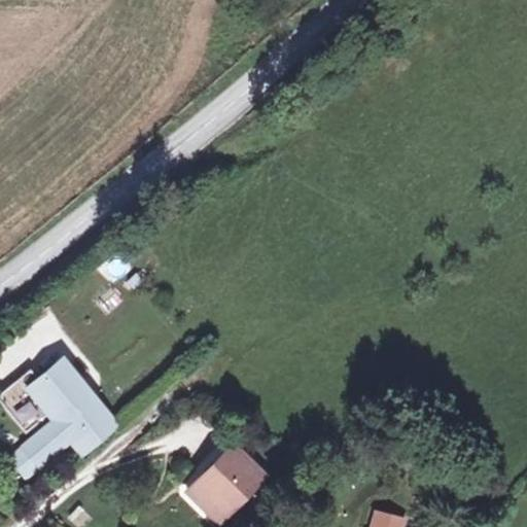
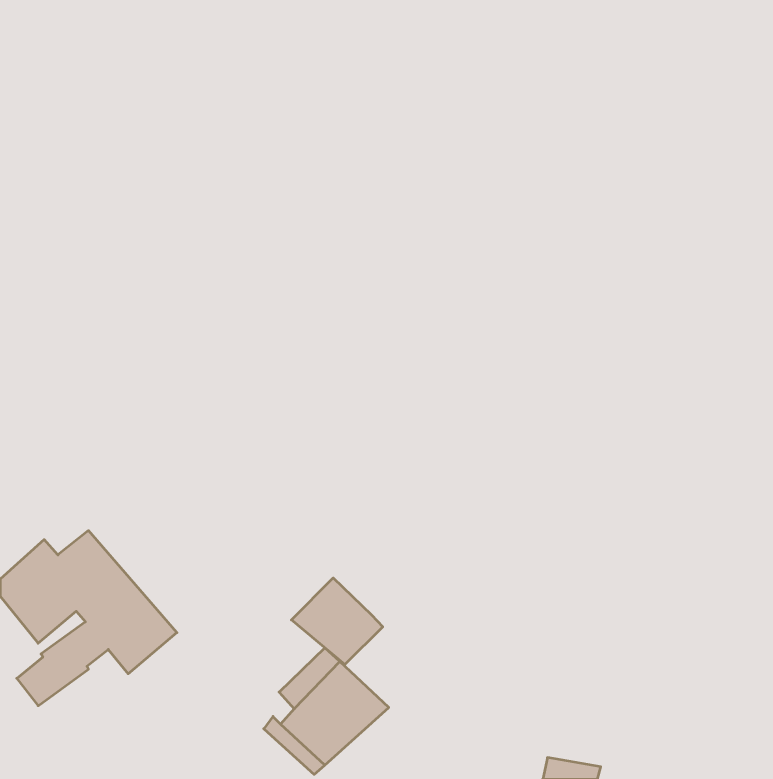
building: none -> [291,578,383,665]

